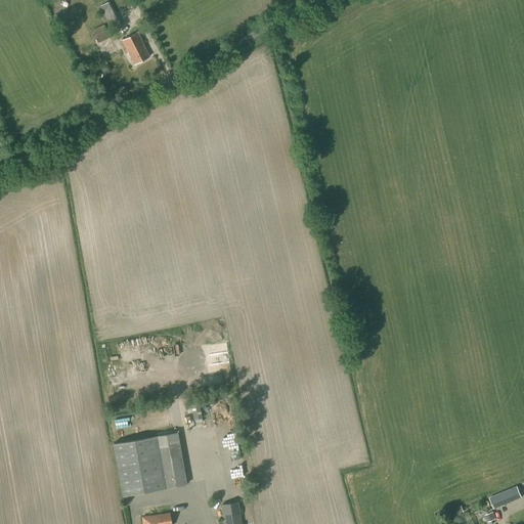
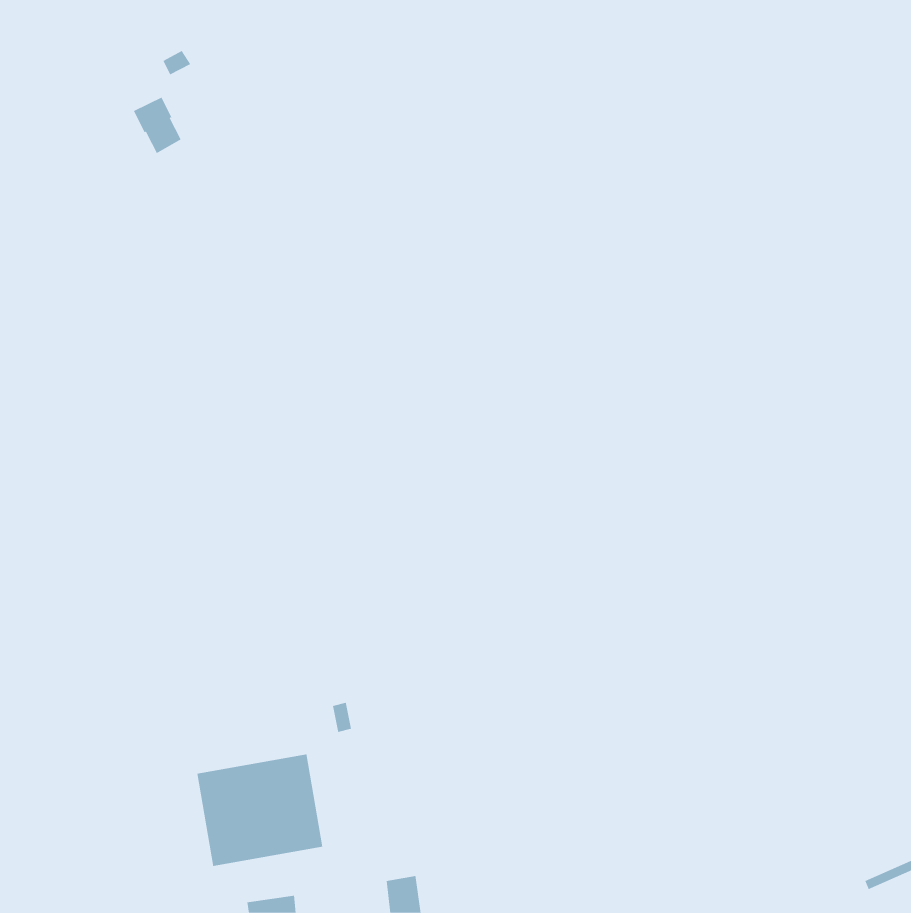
building: [122,32,149,64] -> [133,97,181,154]

